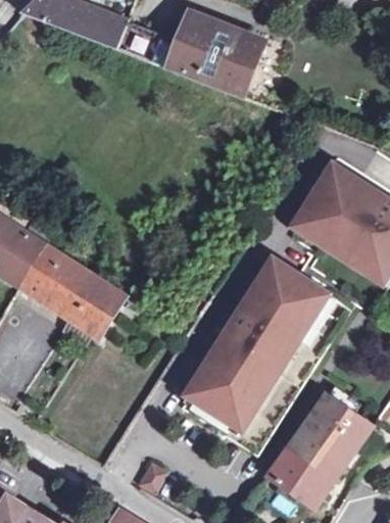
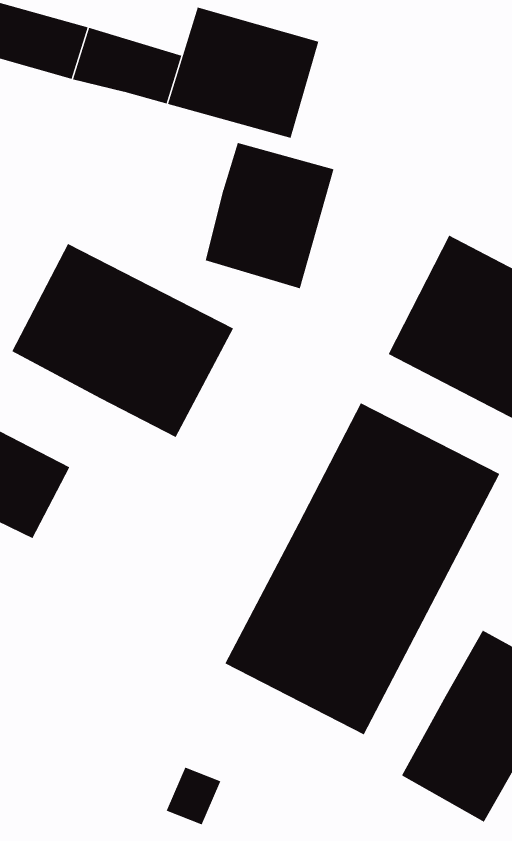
building: none -> [205,142,334,289]
building: none -> [12,243,234,438]
building: [69,276,126,335] -> none

